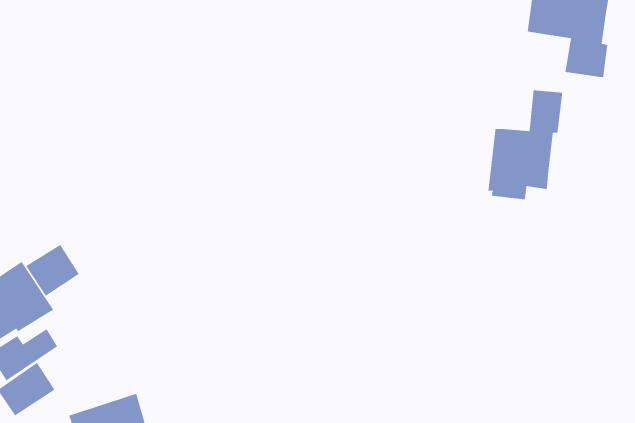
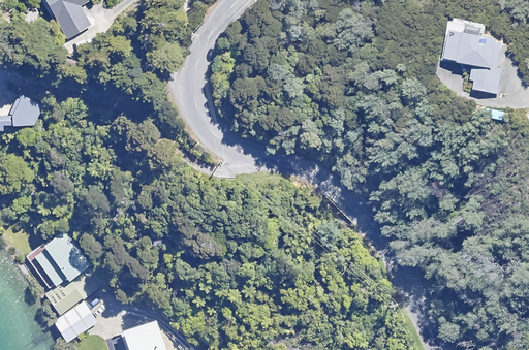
building: [487,89,563,200] -> none
building: [25,244,80,297] -> none

